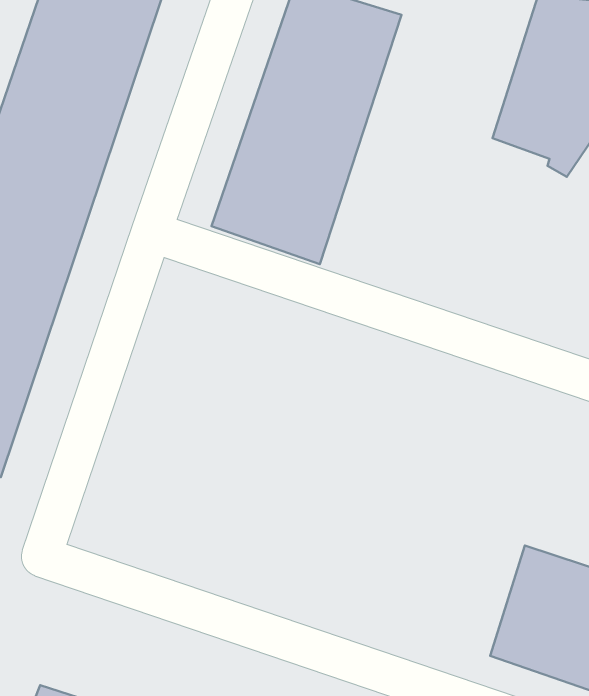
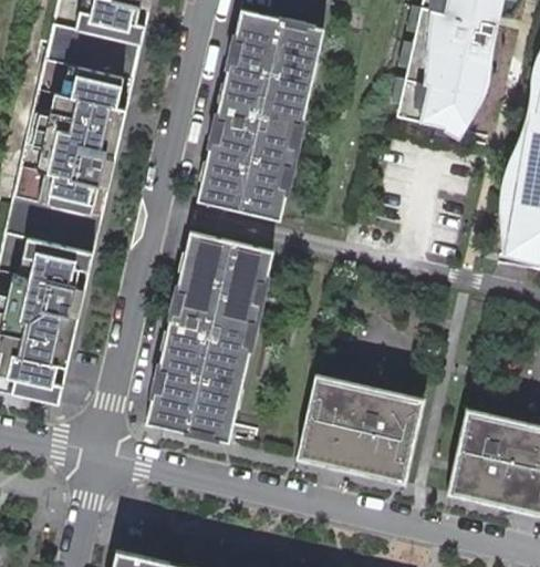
building: none -> [149,229,274,440]
building: none -> [285,379,417,488]

